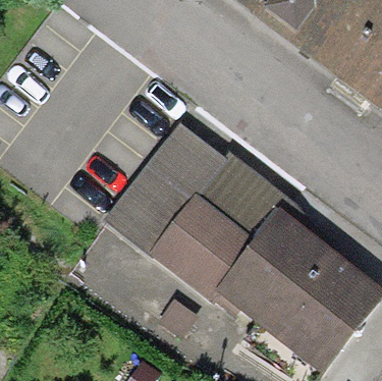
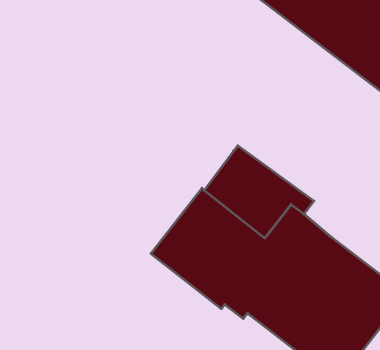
building: [105,120,226,251] -> none

